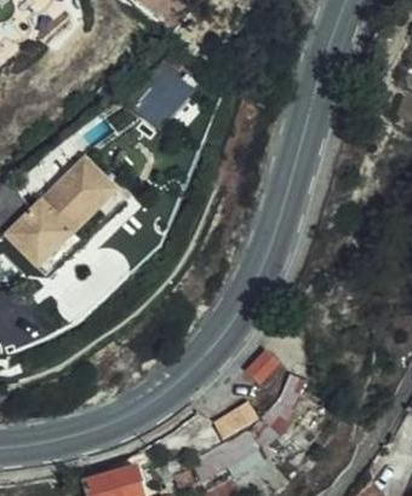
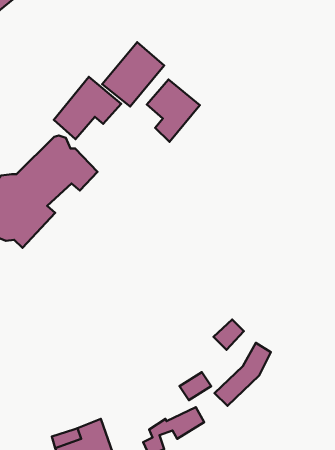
building: none -> [54,77,121,139]
building: none -> [147,80,200,142]

